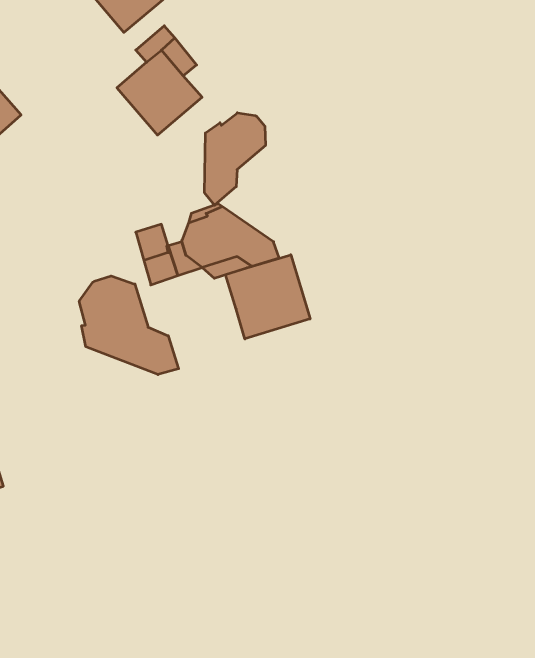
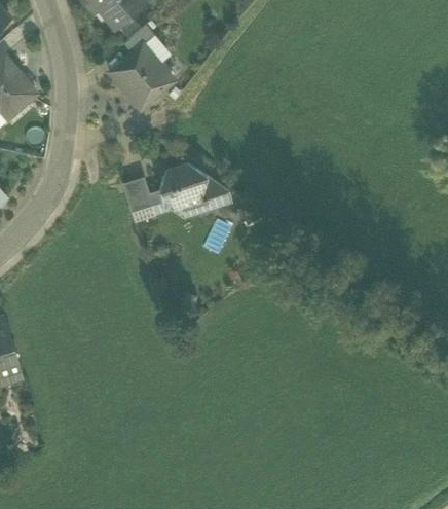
building: [205,113,265,205] -> none
building: [226,255,310,339] -> none
building: [79,276,179,375] -> none

